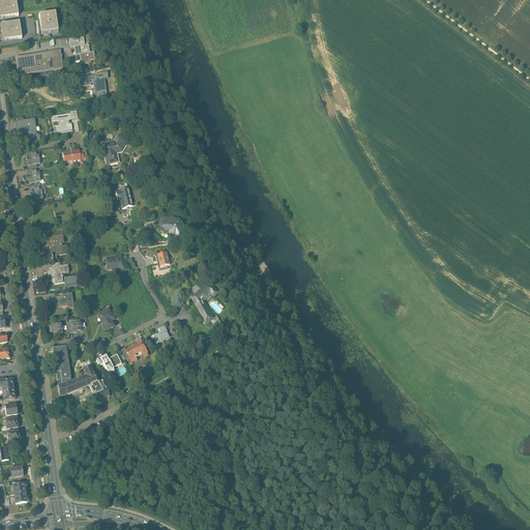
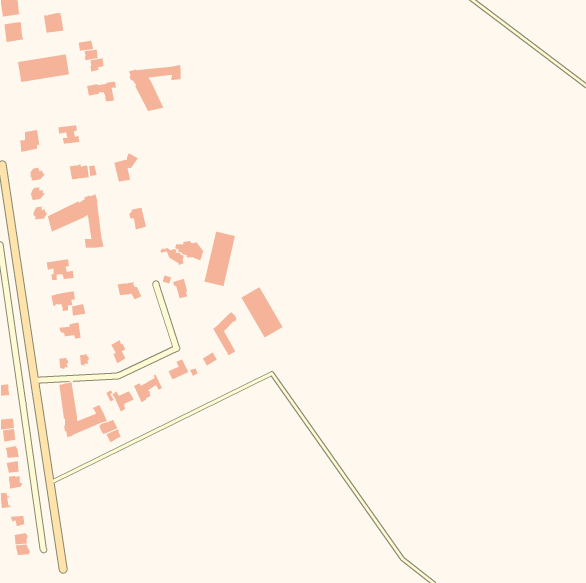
building: none -> [128,64,182,112]
building: none -> [47,194,104,249]
building: none -> [204,231,236,287]
building: none -> [240,286,284,339]

